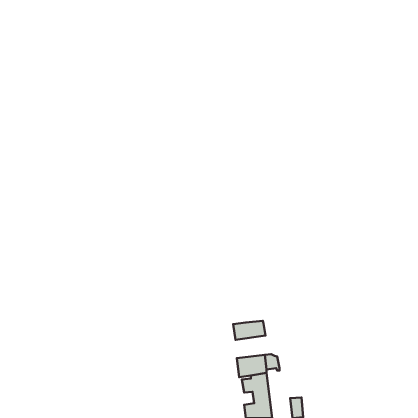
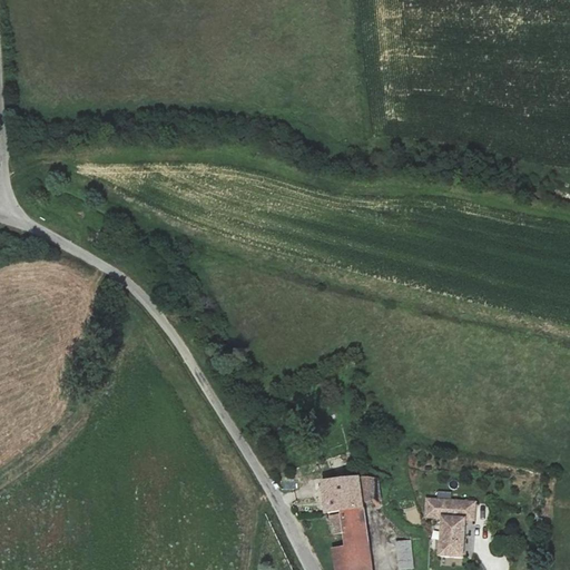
building: [233,321,265,340] -> none
building: none -> [425,497,474,556]

